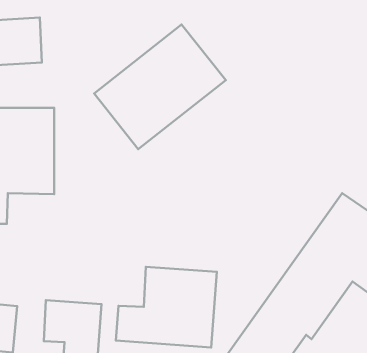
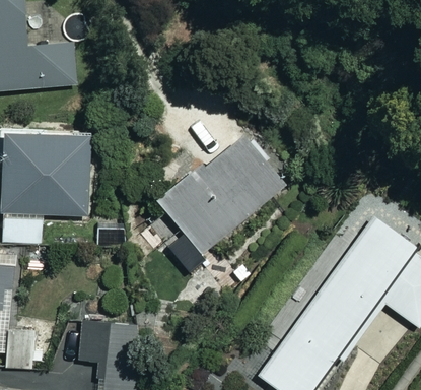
building: [94,25,226,149] -> [156,130,286,253]
building: [116,267,217,348] -> none

